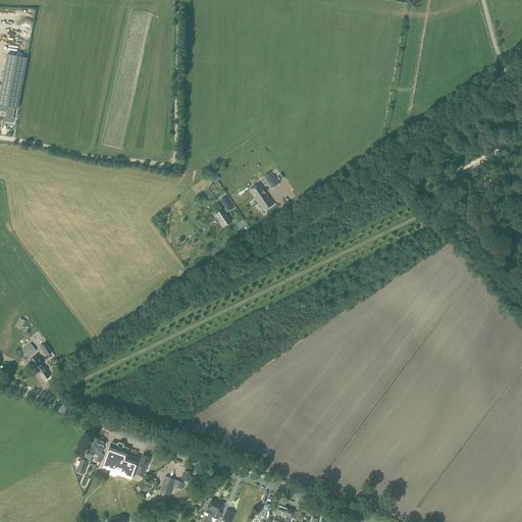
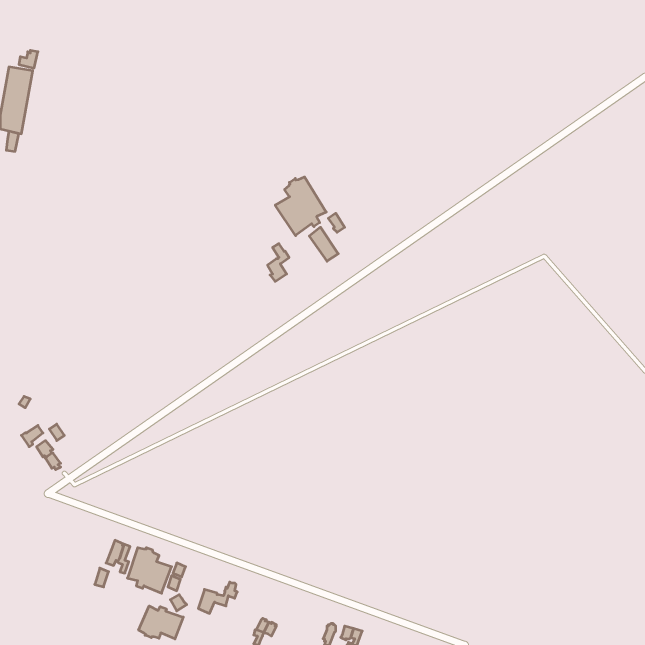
building: none -> [275,177,326,236]
building: none -> [139,606,183,639]

